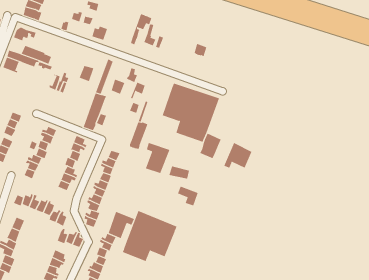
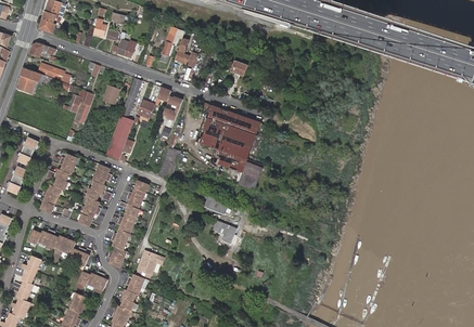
building: [145,142,170,174] -> none
building: [223,142,252,169] -> none
building: [122,210,177,262] -> none

